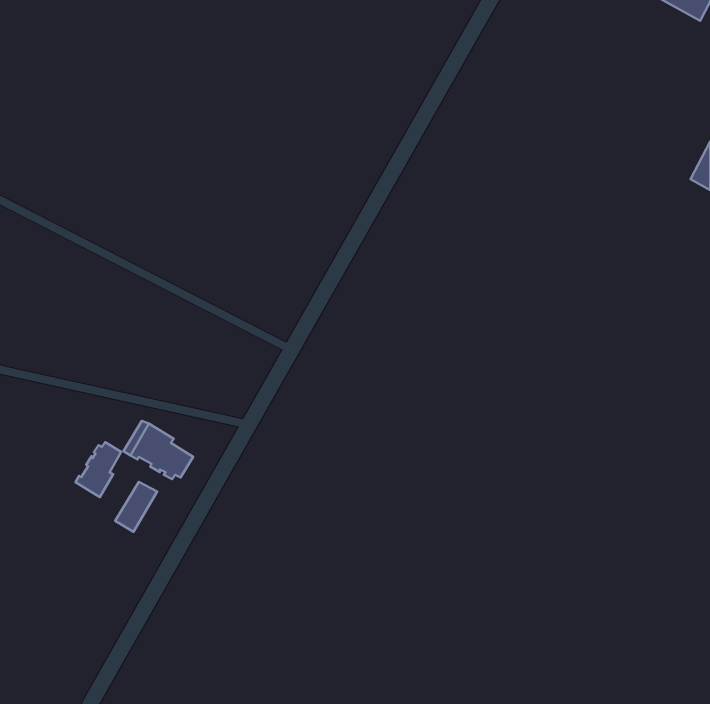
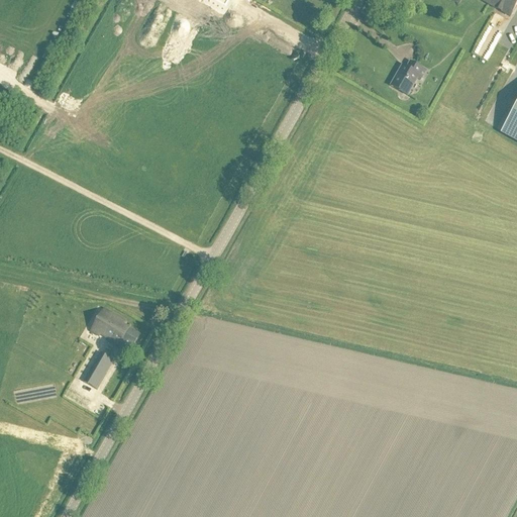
building: none -> [389,61,423,94]
building: [76,442,121,497] -> none

